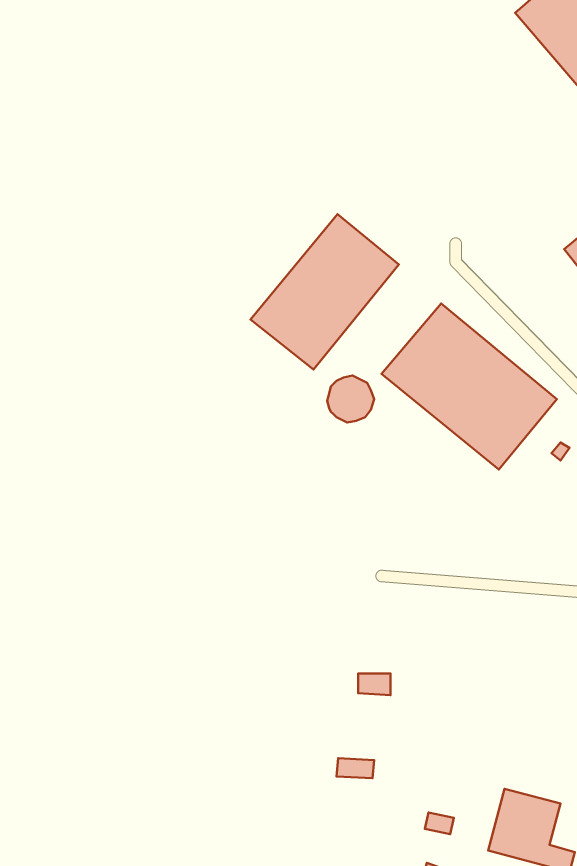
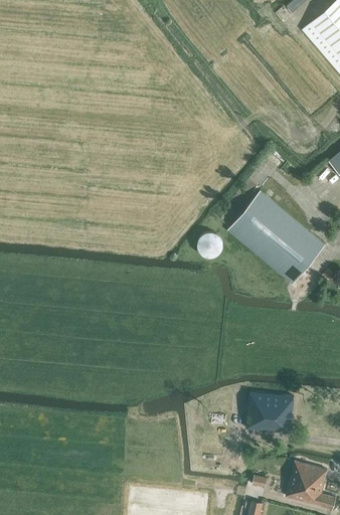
building: [250,214,399,369] -> none
building: none -> [246,392,294,433]

